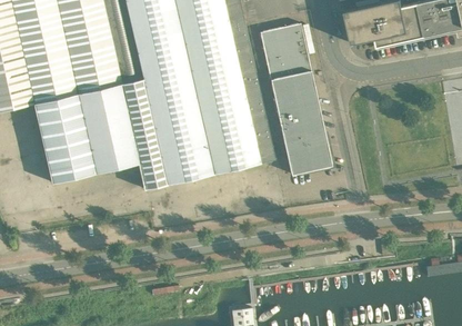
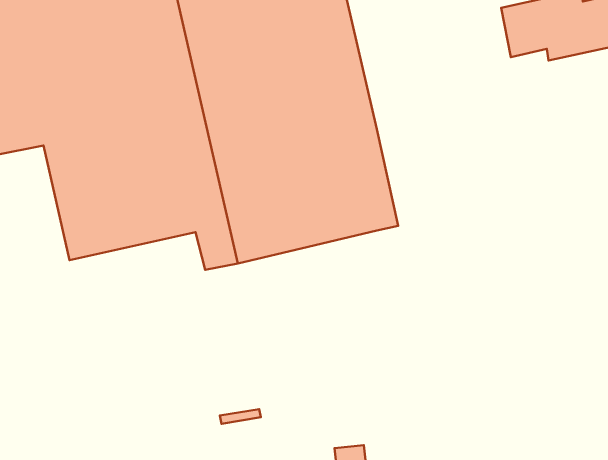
building: [259,24,331,176] -> none

